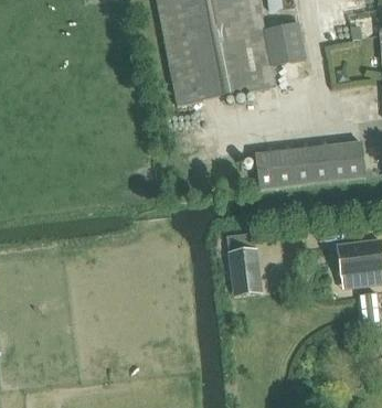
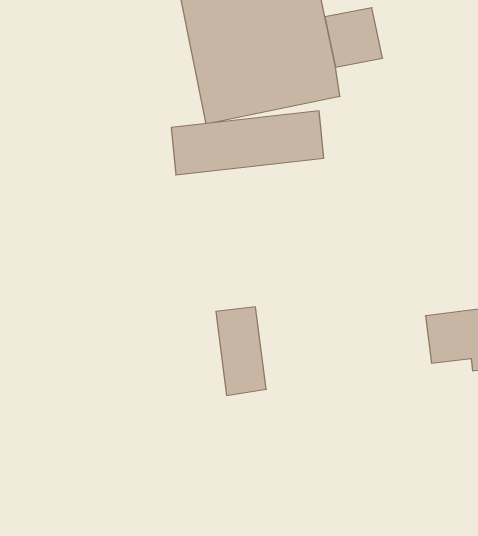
building: [255,141,365,187] -> [171,111,324,175]
building: [225,233,262,297] -> [216,307,266,395]

